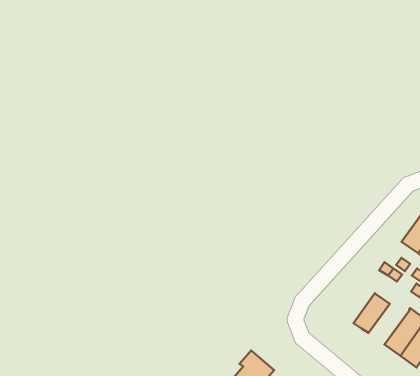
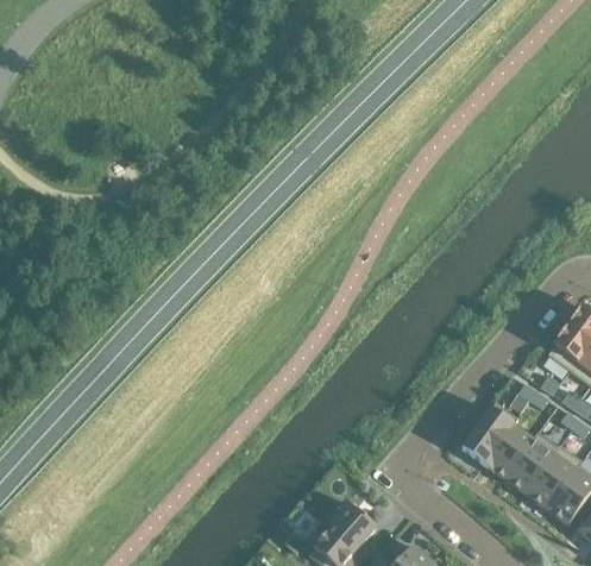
building: none -> [461,402,517,465]
building: none -> [503,432,558,493]

